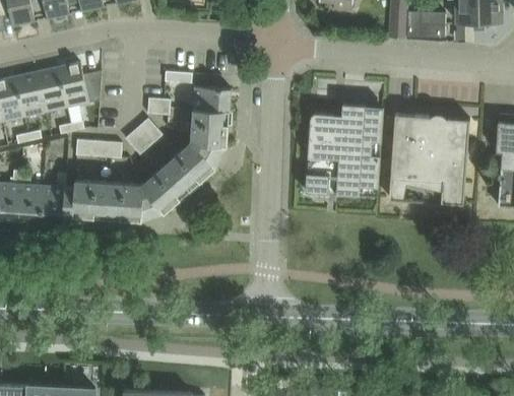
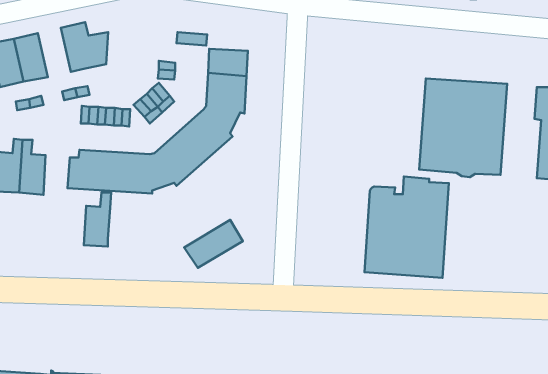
building: [36,67,66,113] -> none
building: [305,104,383,197] -> [364,177,449,278]
building: [41,173,66,222] -> [84,193,111,246]
building: none -> [184,220,243,268]

